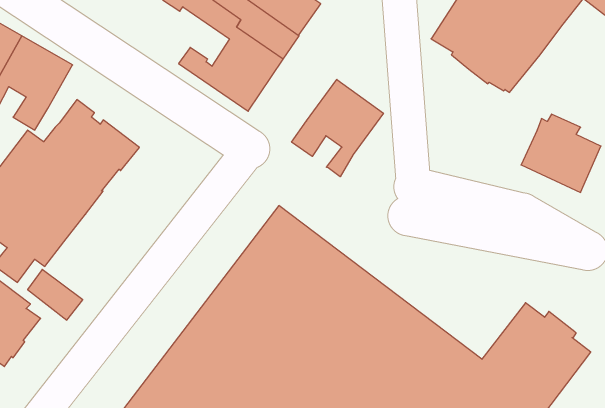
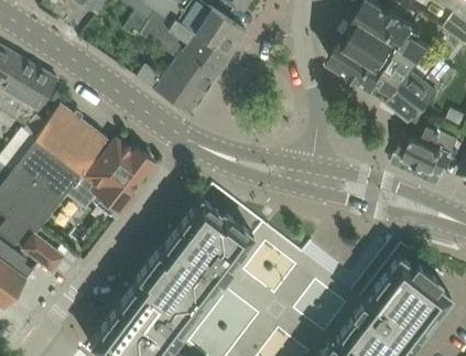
building: none -> [387,61,455,119]
building: [292,79,383,177] -> none
building: none -> [66,140,152,213]

